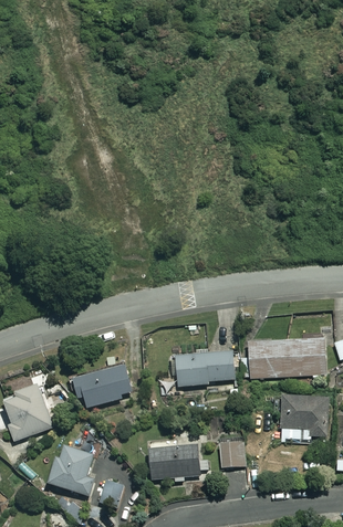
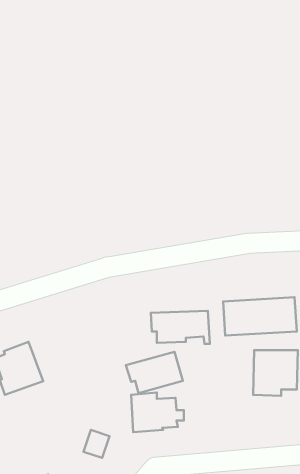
building: [73,363,134,408] -> [126,352,183,393]
building: [219,441,247,466] -> none
building: [49,442,95,493] -> none

